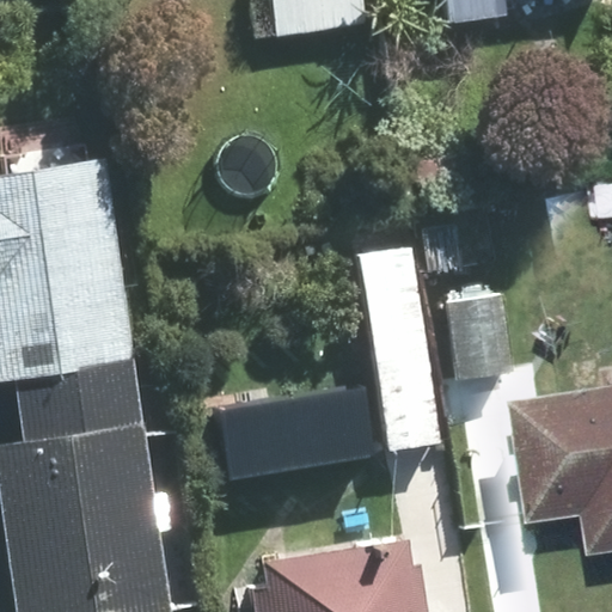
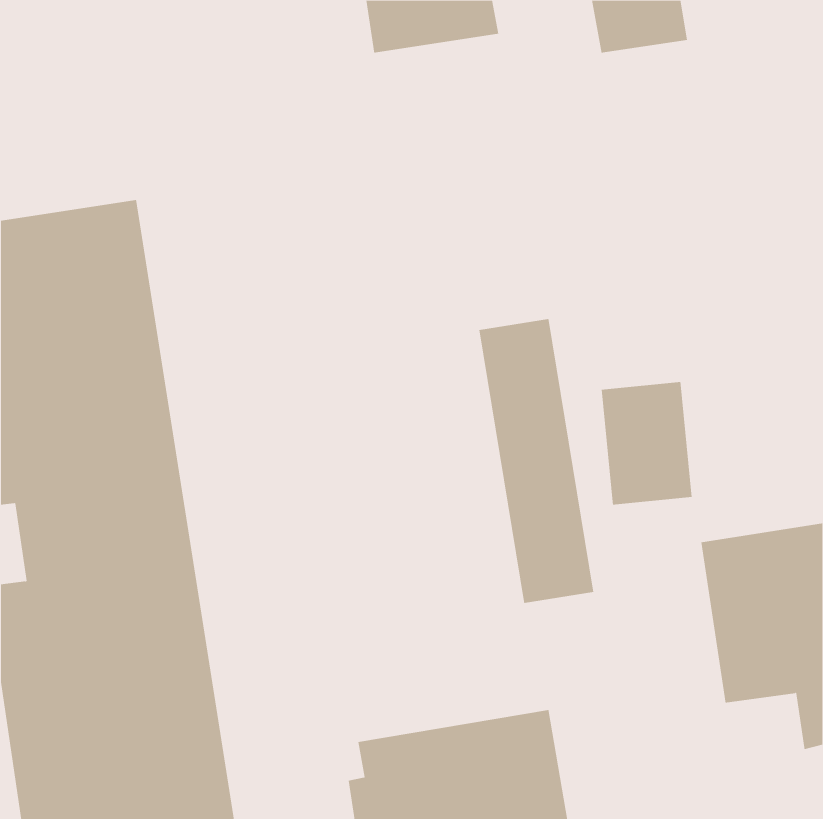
building: [212,385,368,478] -> none

